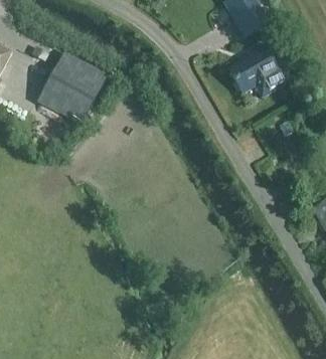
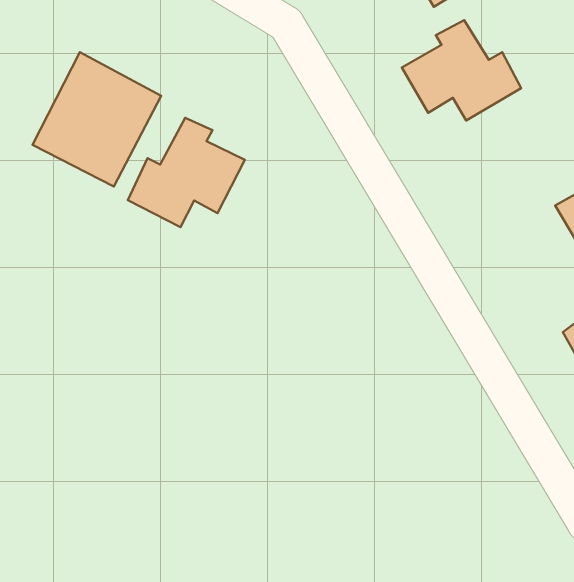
building: none -> [128,118,245,227]

